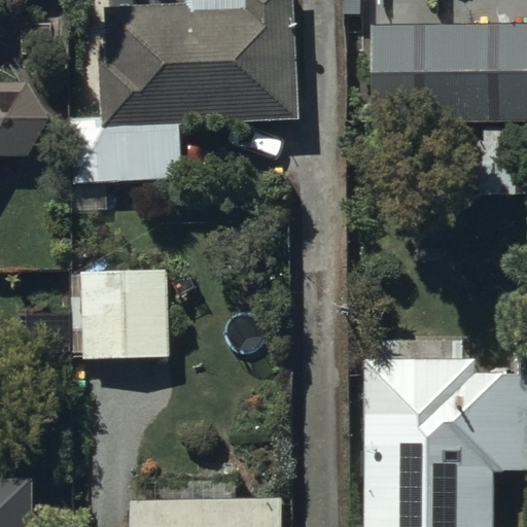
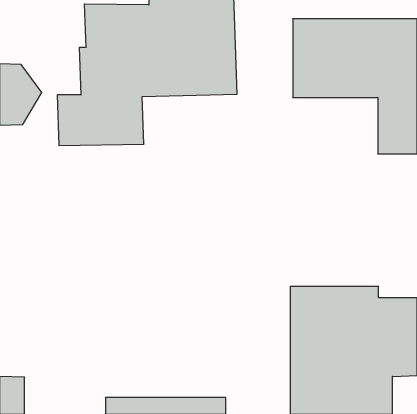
building: [73,269,170,357] -> none

